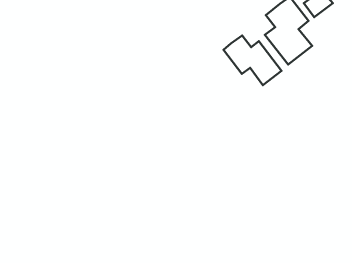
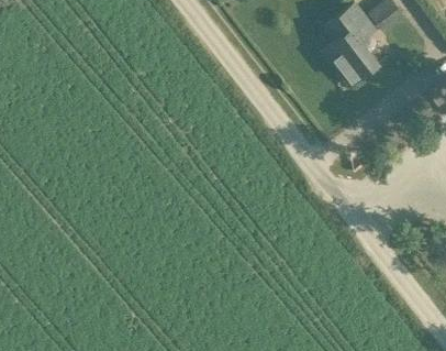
building: [223,35,281,85] -> none

